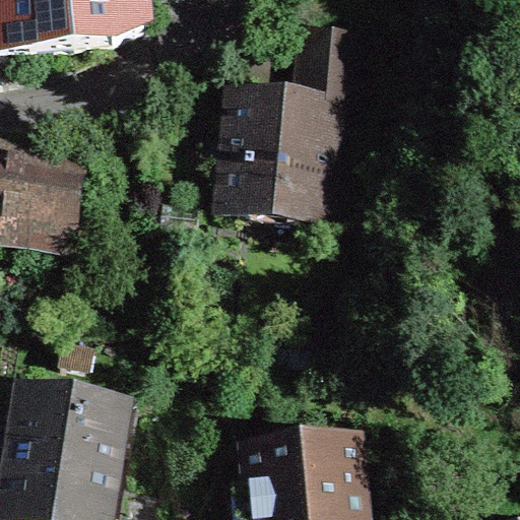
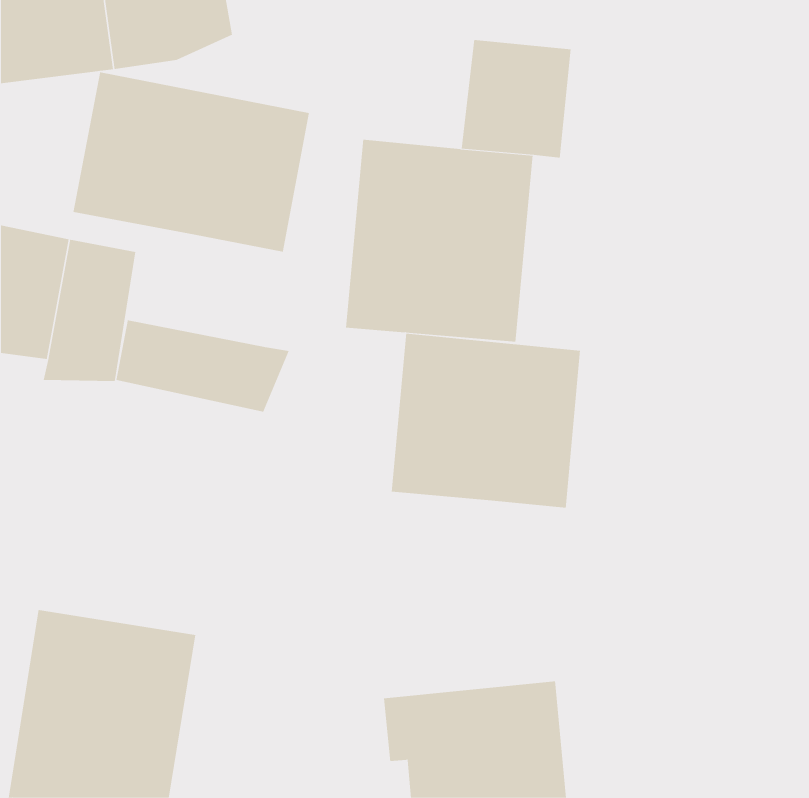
building: none -> [73,71,310,252]
building: none -> [116,320,289,412]
building: none -> [391,333,581,508]

